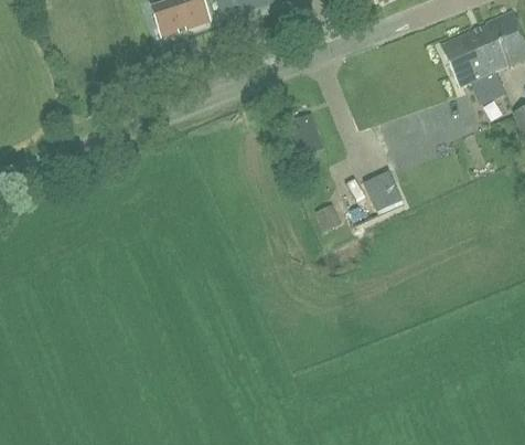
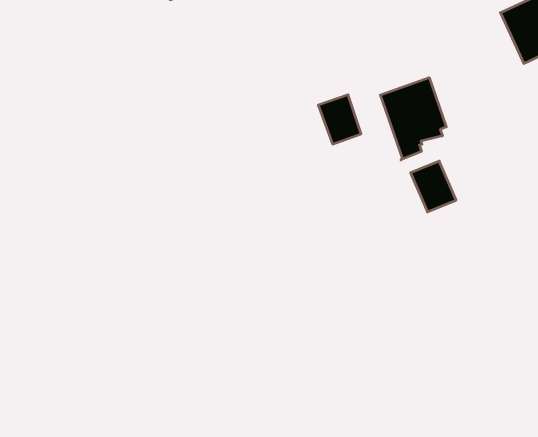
building: none -> [380,78,446,160]

